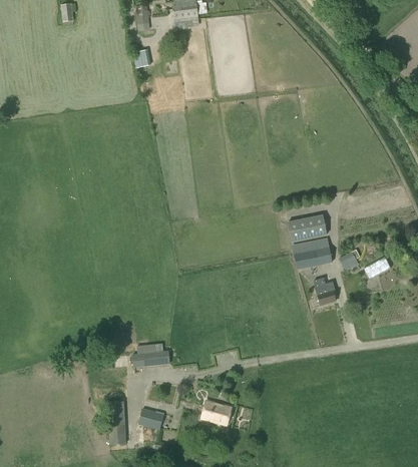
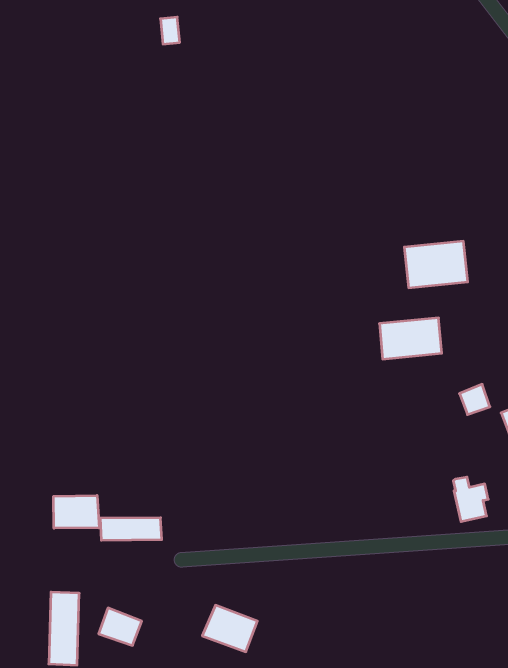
building: [293,238,333,269] -> [404,241,468,288]
building: [314,278,336,305] -> [453,477,488,522]
building: none -> [54,495,99,528]

